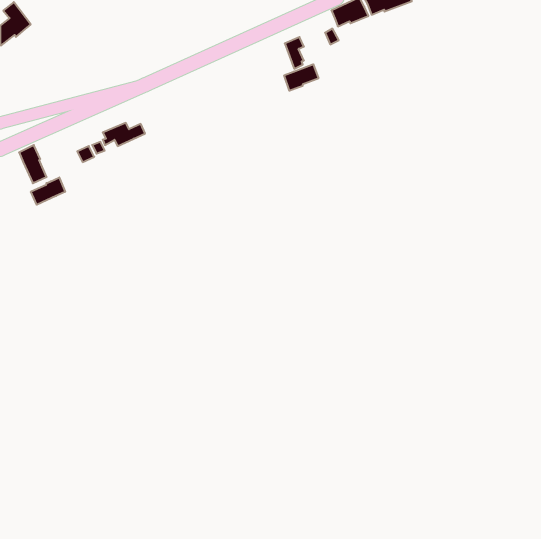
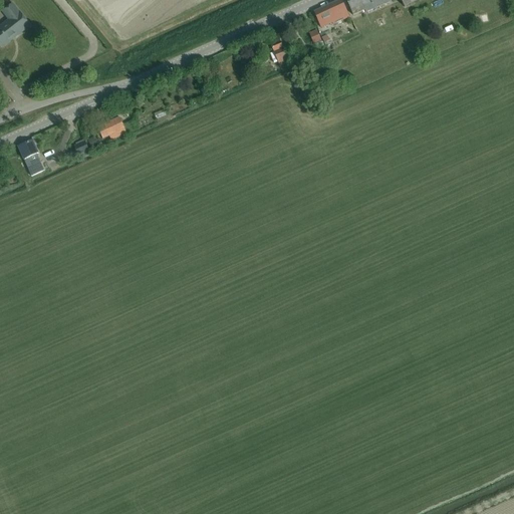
building: [284,64,318,91] -> none
building: [31,177,65,205] -> none

